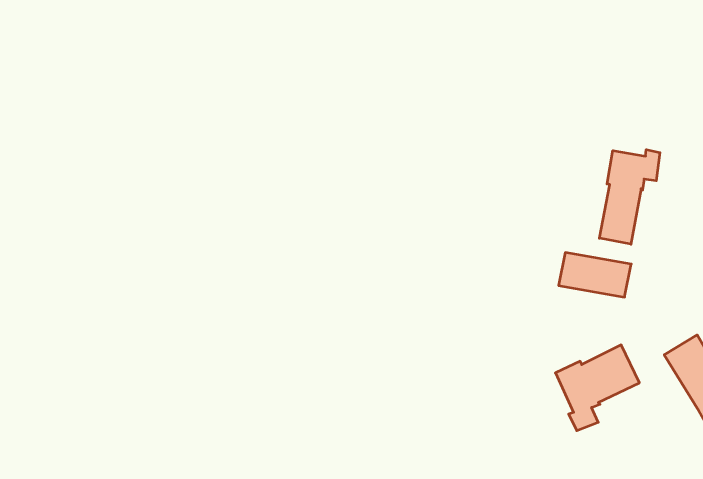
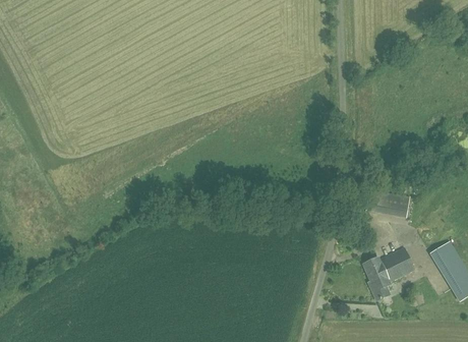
building: [599,150,660,244] -> none

